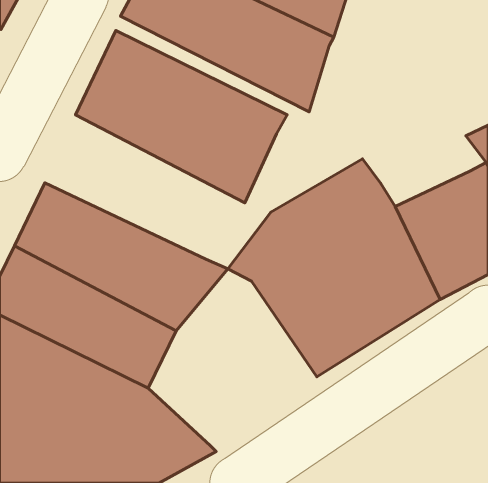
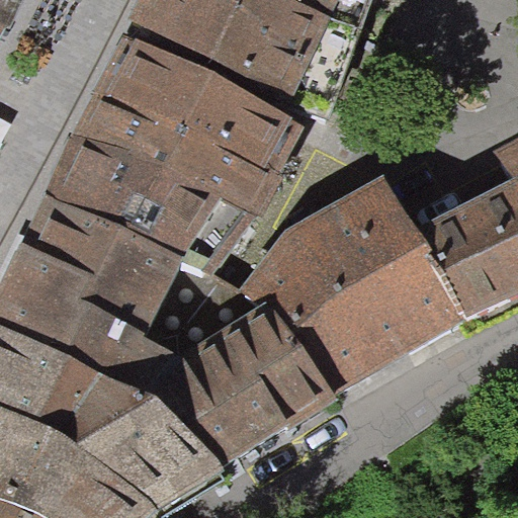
building: none -> [48,121,259,274]
building: none -> [157,284,339,471]

